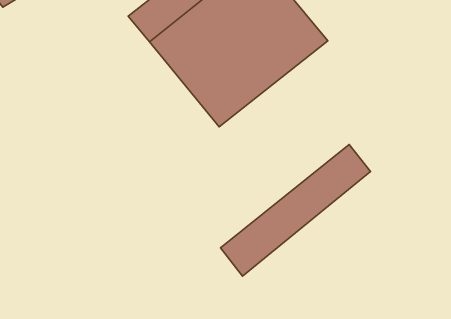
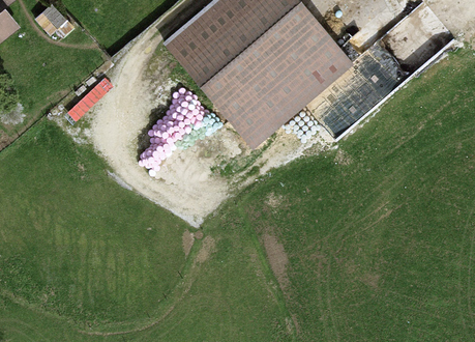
building: [220,144,370,276] -> none

